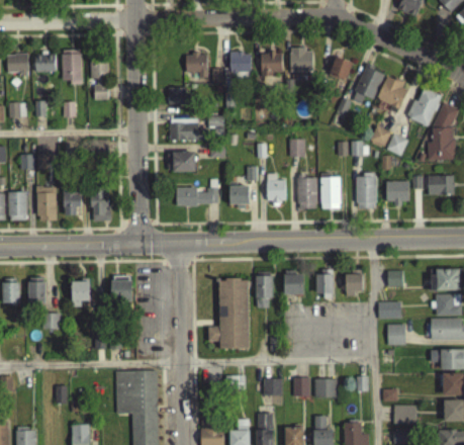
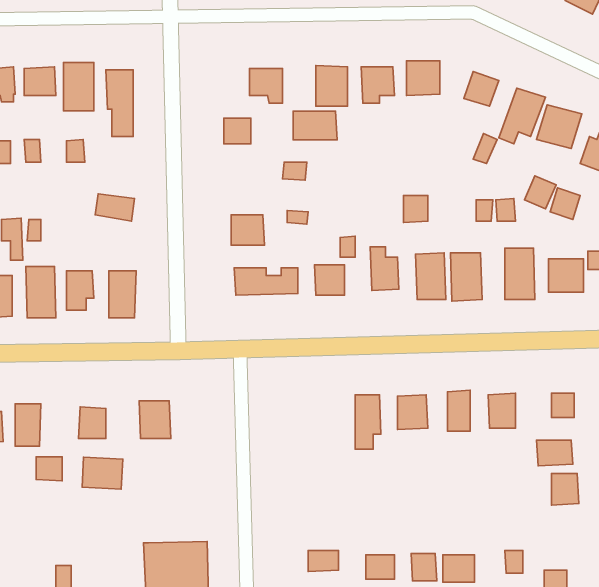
building: [170,121,199,141] -> [293,111,337,140]
building: [208,278,249,348] -> none
building: none -> [82,457,123,489]

